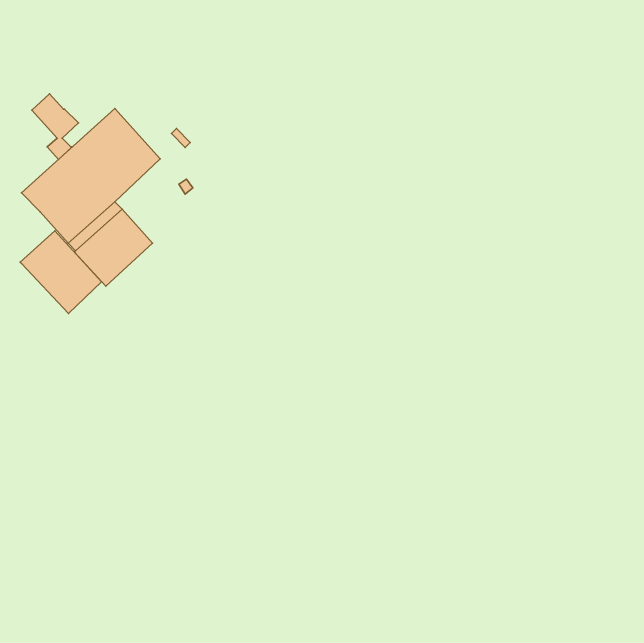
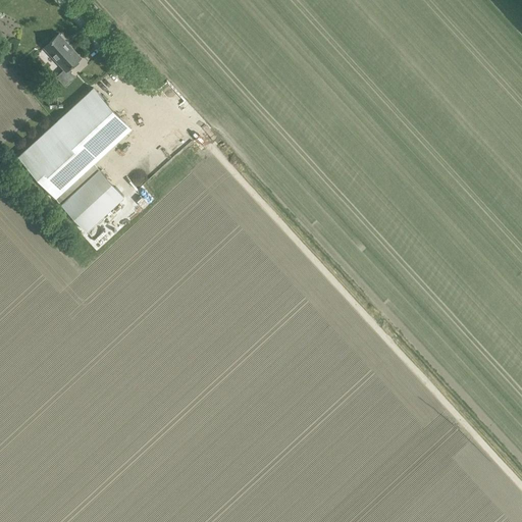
building: [32,94,79,159] -> [43,35,81,88]
building: [20,231,102,313] -> none

